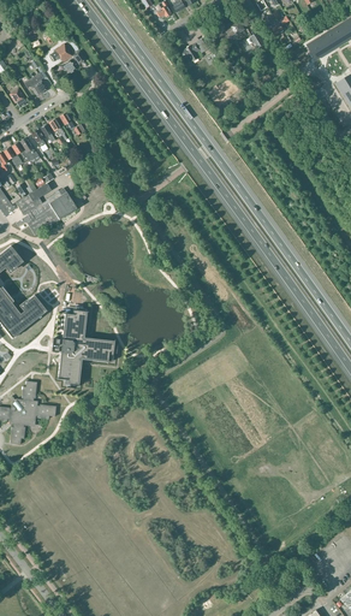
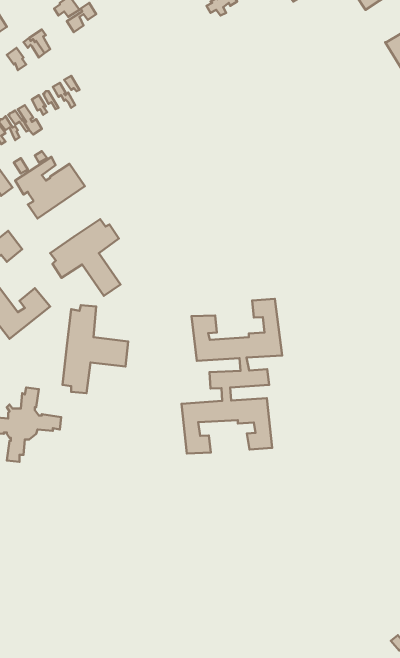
building: none -> [50,219,120,296]
building: none -> [182,299,282,453]

